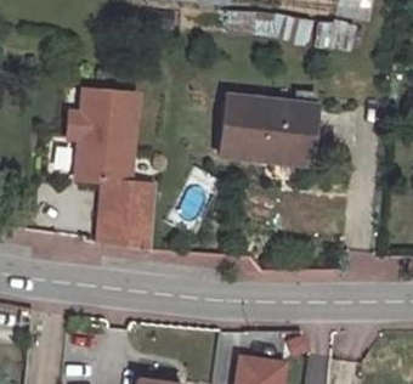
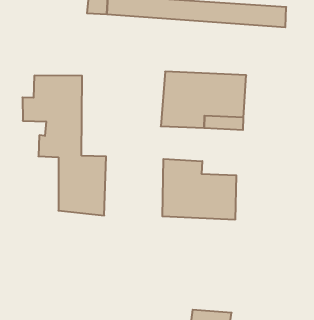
building: none -> [162,159,236,220]

